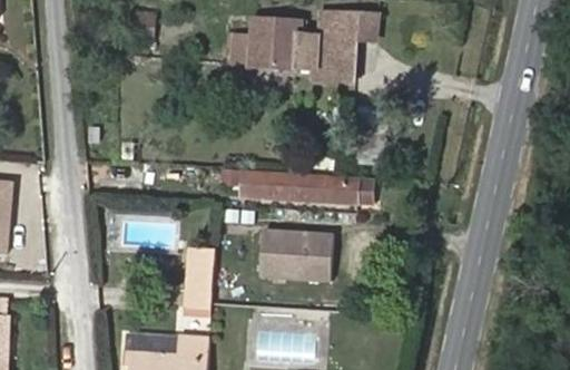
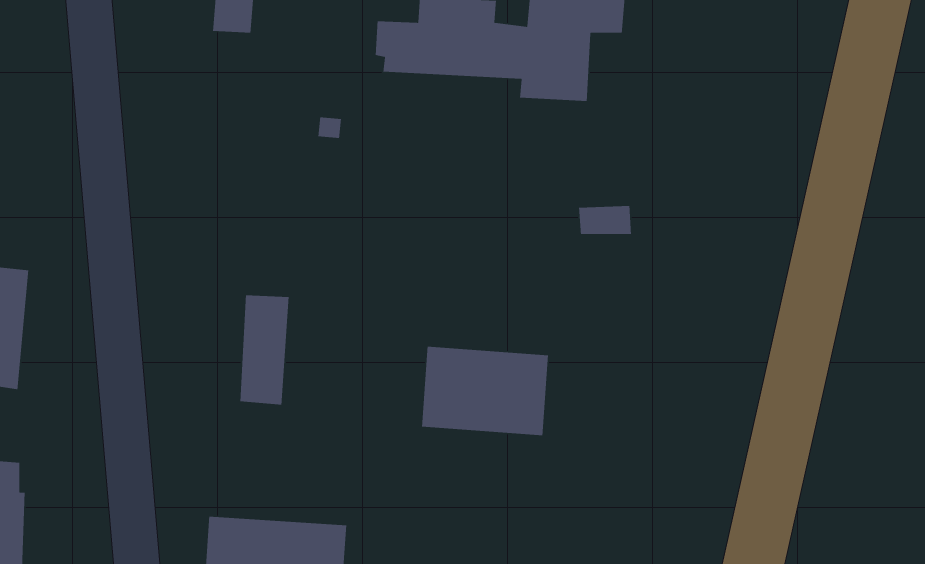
building: [242,172,374,204] -> none
building: [185,249,215,315] -> [240,295,289,405]

